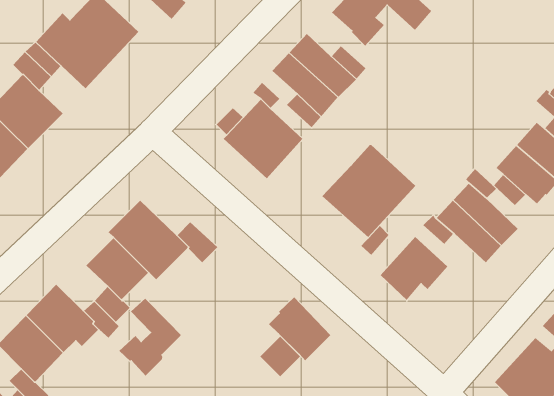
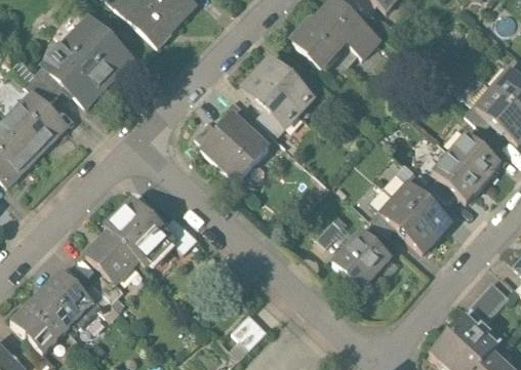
building: [322,144,416,238] -> none
building: [268,297,331,361] -> none
building: [119,298,182,376] -> none

